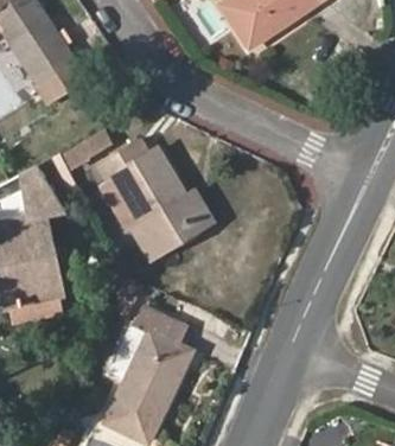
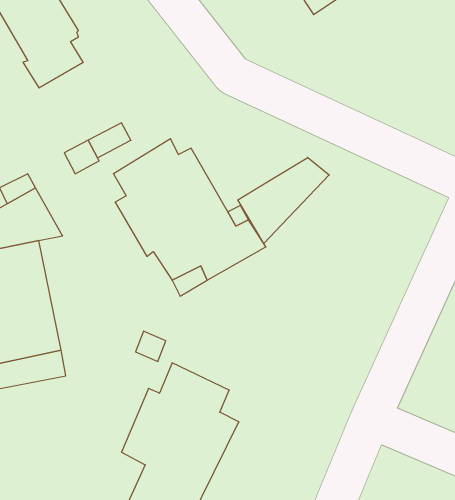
building: none -> [238,157,329,244]

